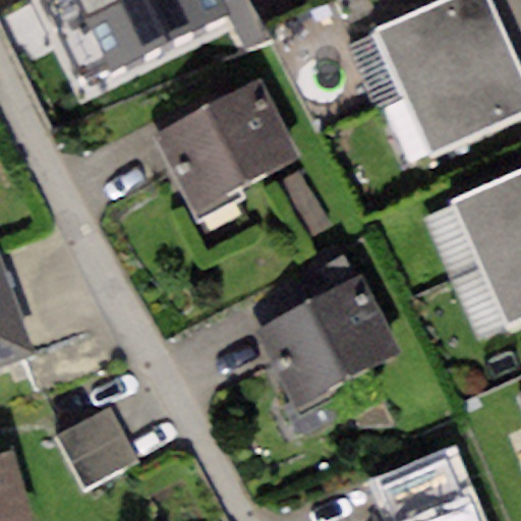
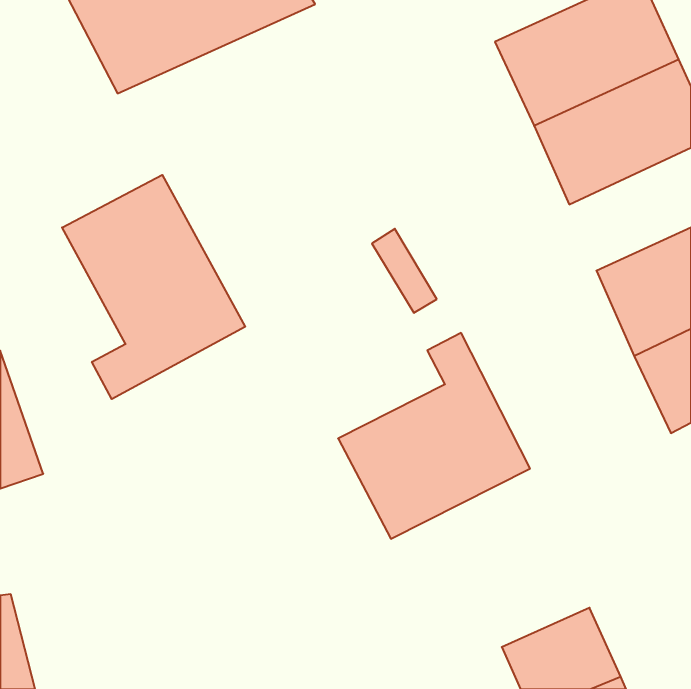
building: [158,77,299,206] -> none
building: none -> [62,175,245,399]
building: [56,407,139,490] -> none

